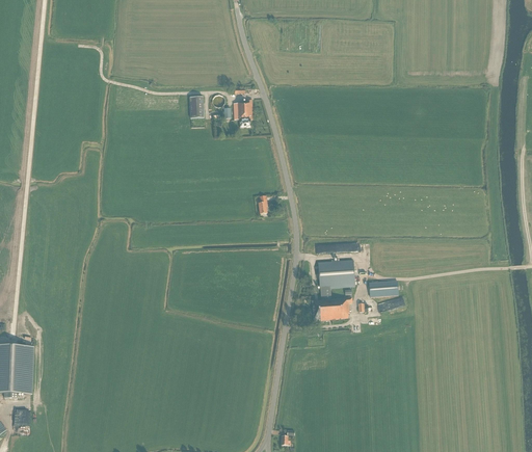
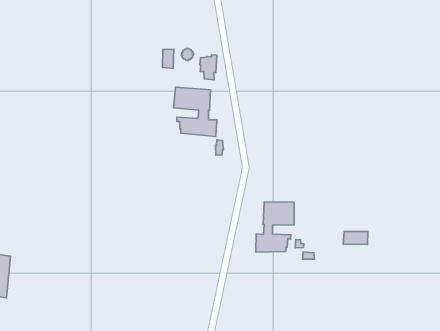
building: none -> [174,87,217,137]
building: [370,280,398,296] -> [343,232,368,244]

